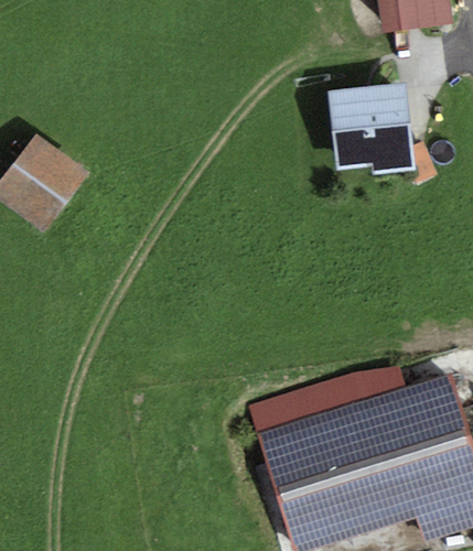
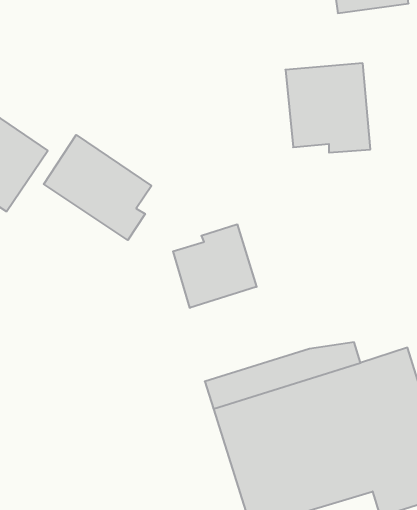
building: none -> [44,135,151,240]
building: none -> [173,224,257,308]

